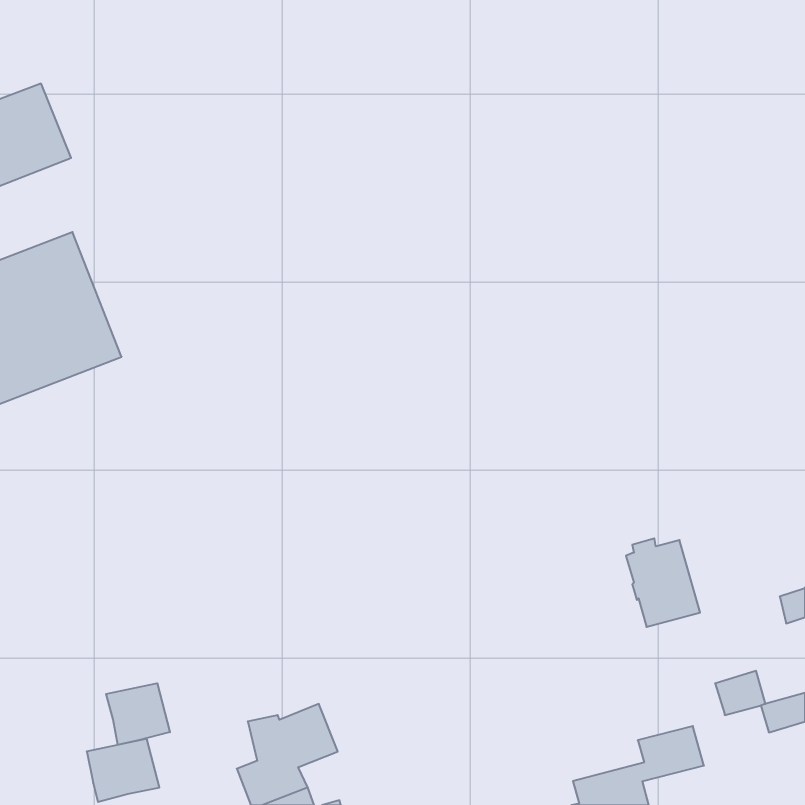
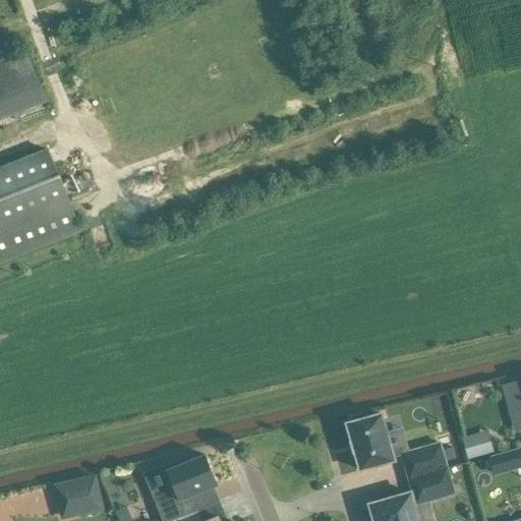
building: [626,538,700,627] -> [347,412,395,469]
building: [106,683,170,745] -> none
building: none -> [402,442,447,478]

